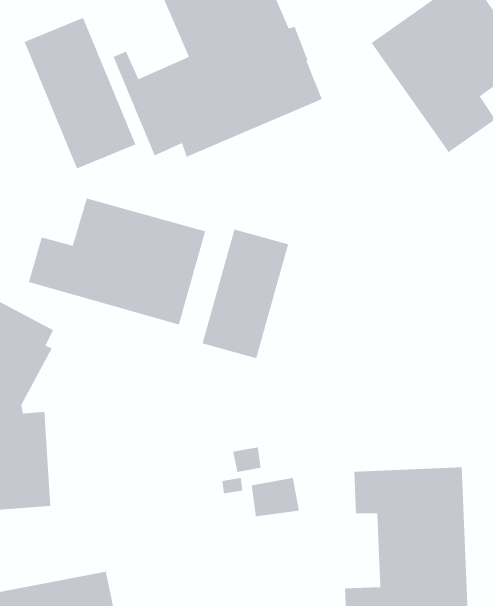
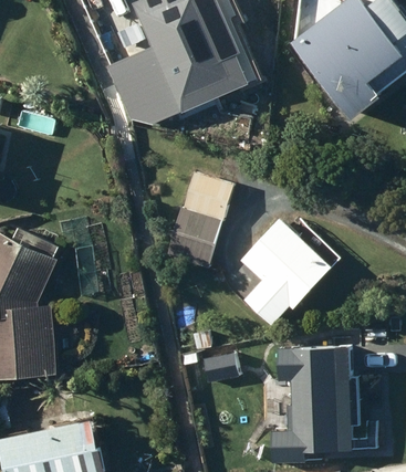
building: [24,17,137,169] -> none
building: [28,197,206,325] -> none
building: none -> [242,218,333,328]

